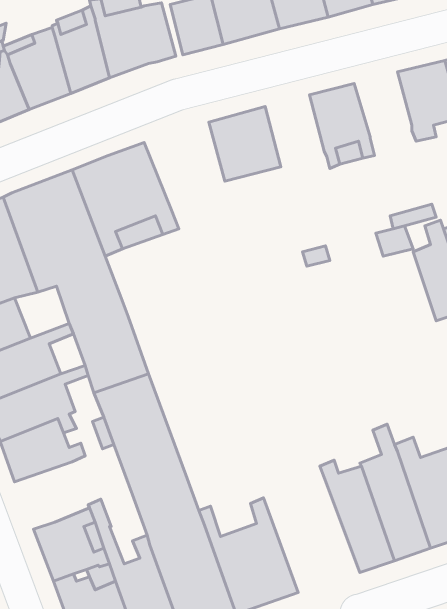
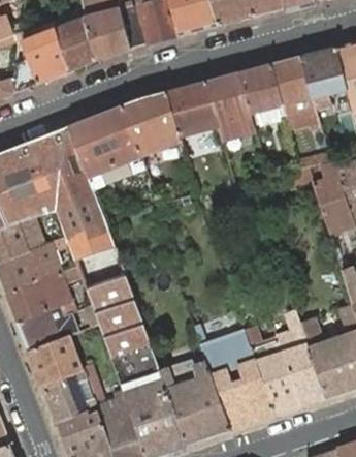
building: none -> [271,56,319,128]
building: none -> [207,72,255,140]
building: none -> [121,92,181,155]
building: none -> [196,333,276,430]
building: none -> [28,336,82,385]

